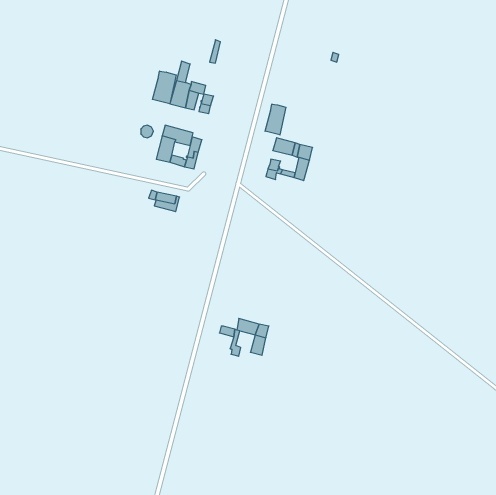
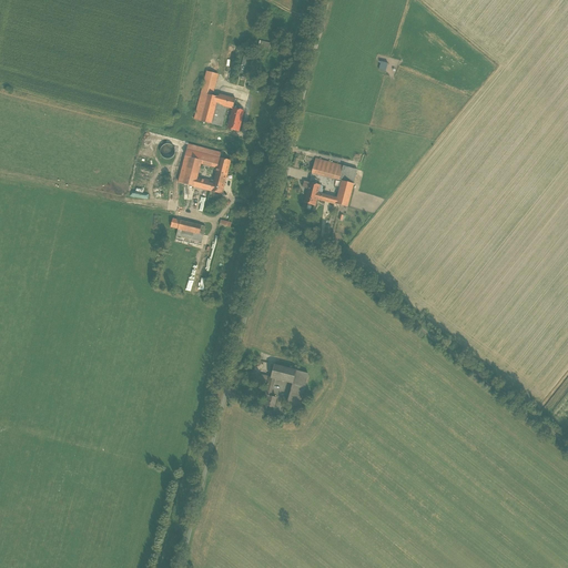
building: [152,71,176,104] -> none
building: [265,104,286,135] -> none

